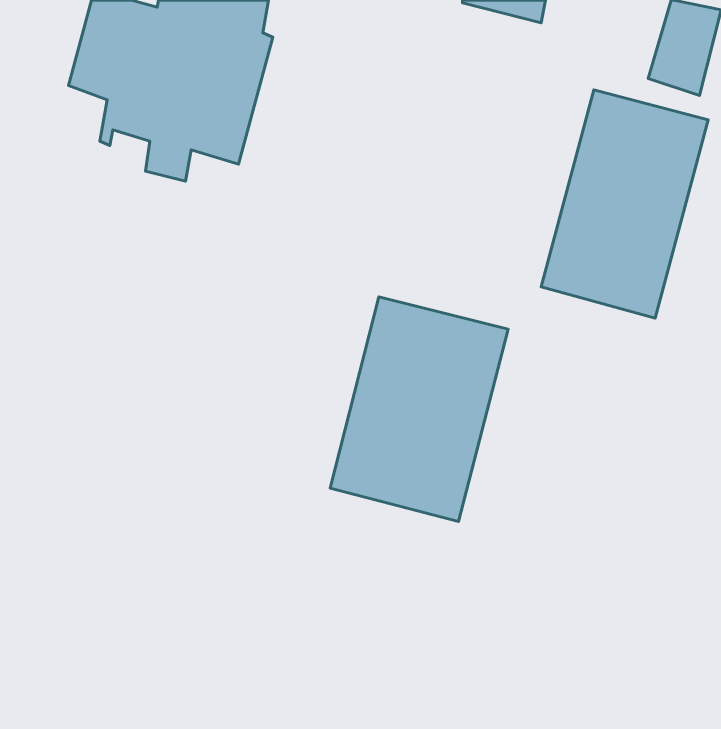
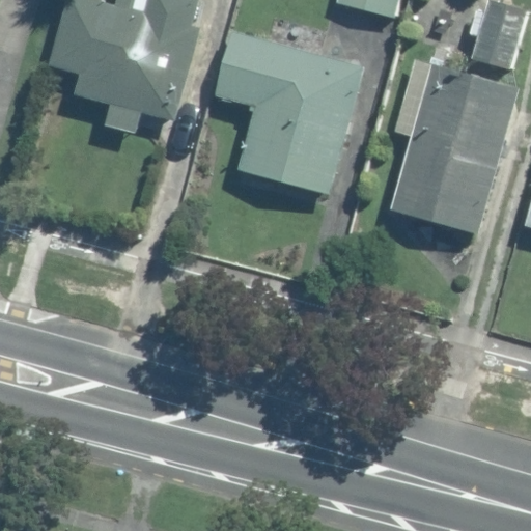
building: none -> [216,33,363,195]
building: [330,297,508,522] -> none

